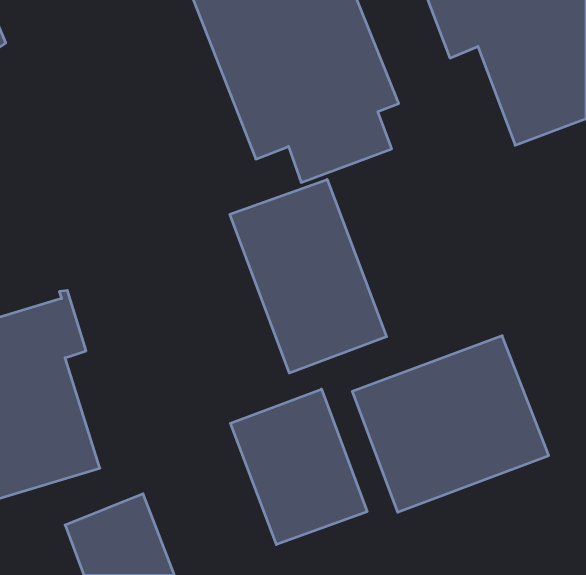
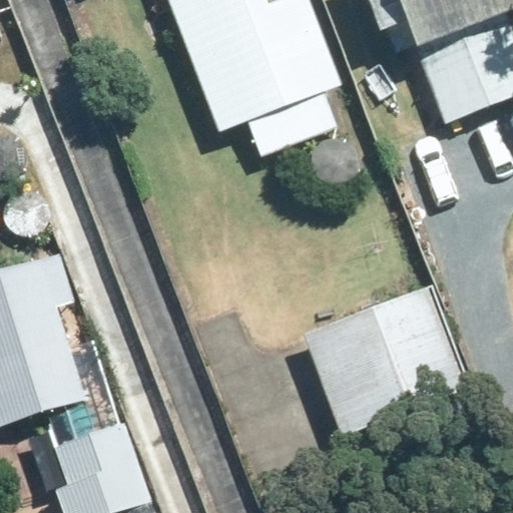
building: [230,179,387,373] -> none
building: [230,389,367,545] -> none

